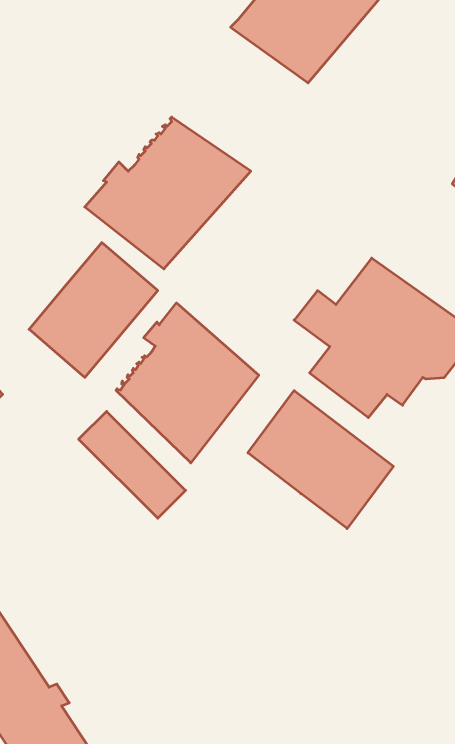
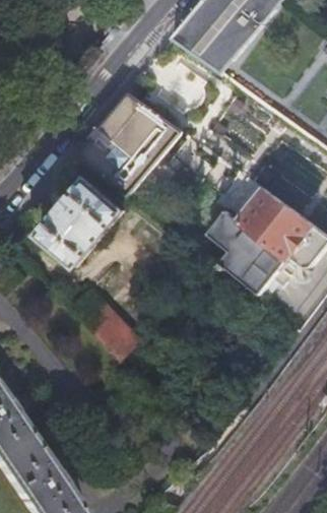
building: [116,303,259,463] -> none
building: [248,391,393,529] -> none

